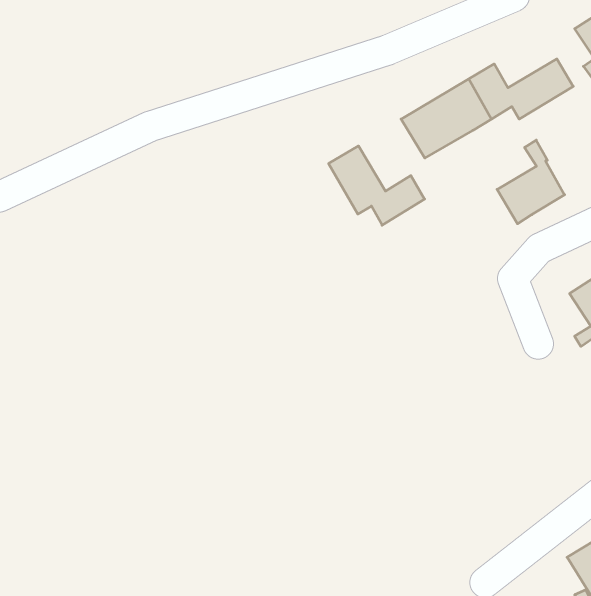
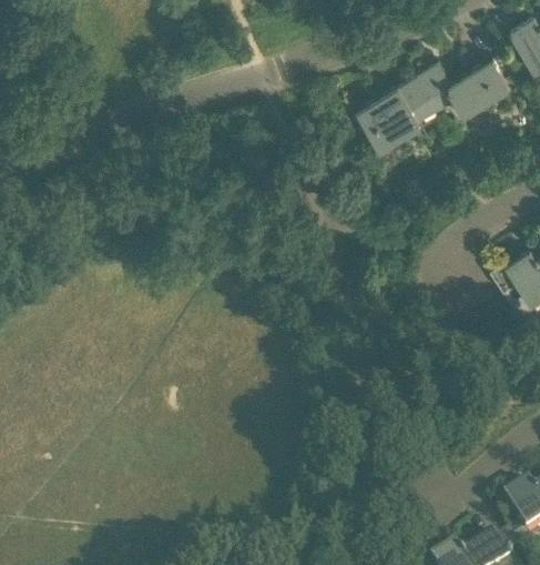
building: [497,140,565,224] -> none
building: [329,146,425,225] -> none

